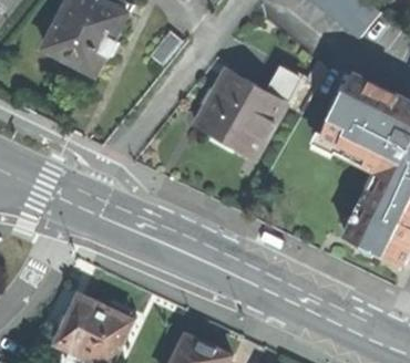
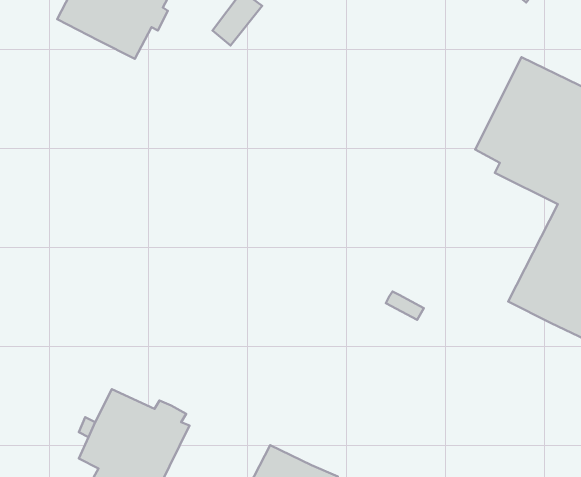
building: [192,59,325,157] -> none

